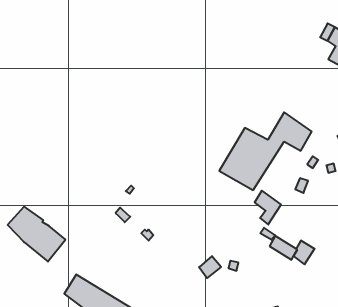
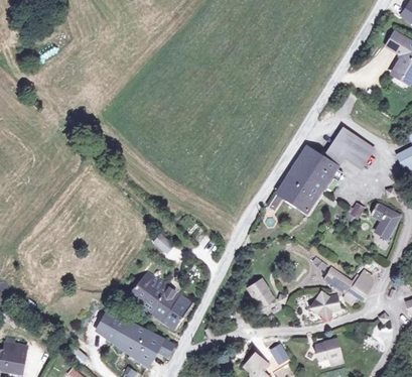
building: [255,191,281,225] -> [367,199,396,236]
building: [8,207,65,262] -> [131,269,194,330]
building: none -> [308,297,338,323]

